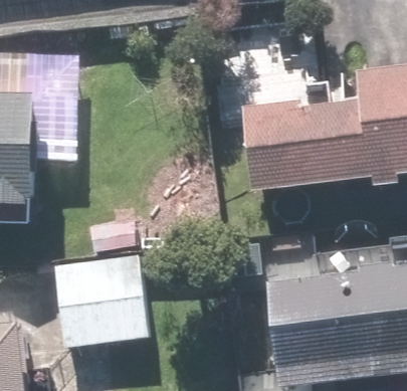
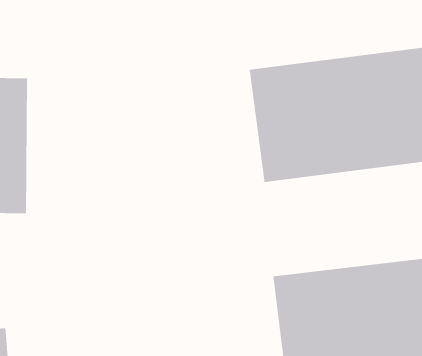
building: [54,245,148,341] -> none

